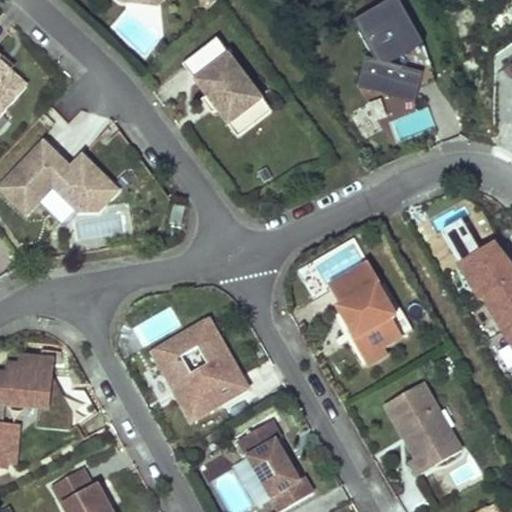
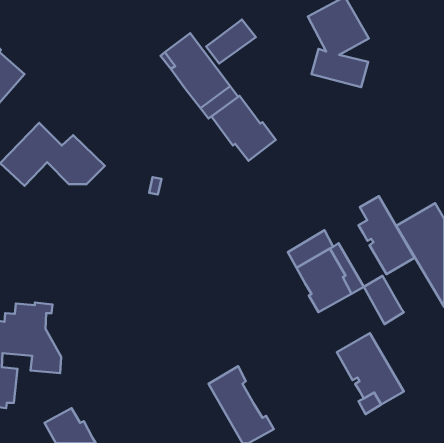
building: none -> [206,19,256,64]
building: none -> [211,96,276,161]
building: none -> [358,196,415,274]
building: none -> [364,276,404,324]
building: [152,318,248,420] -> none

